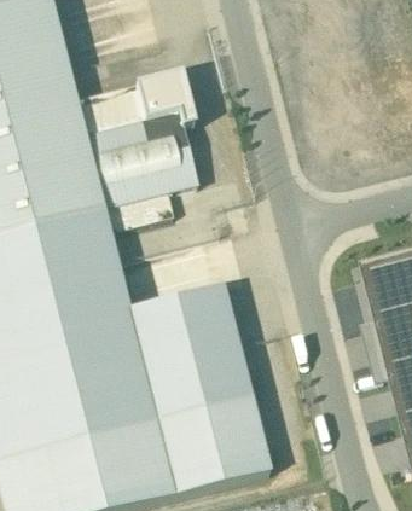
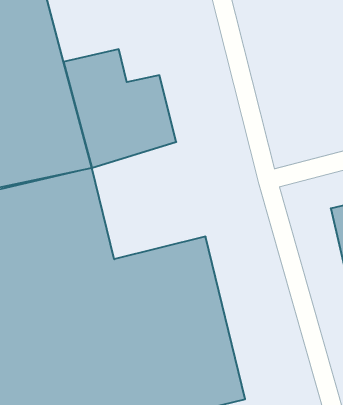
building: [134,80,193,133] -> none

